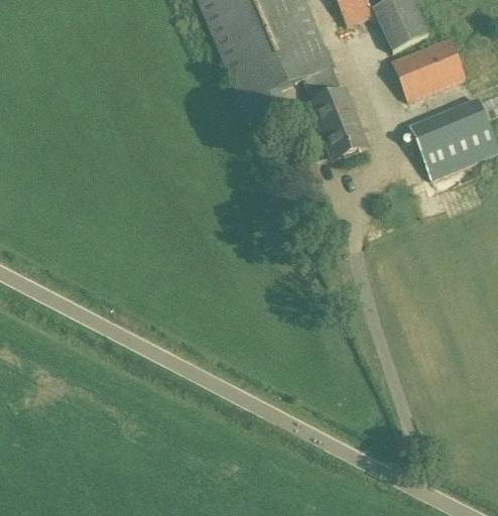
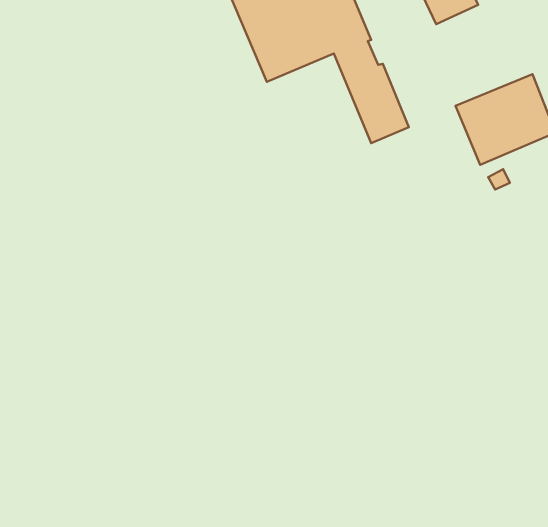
building: [392,37,466,101] -> none

